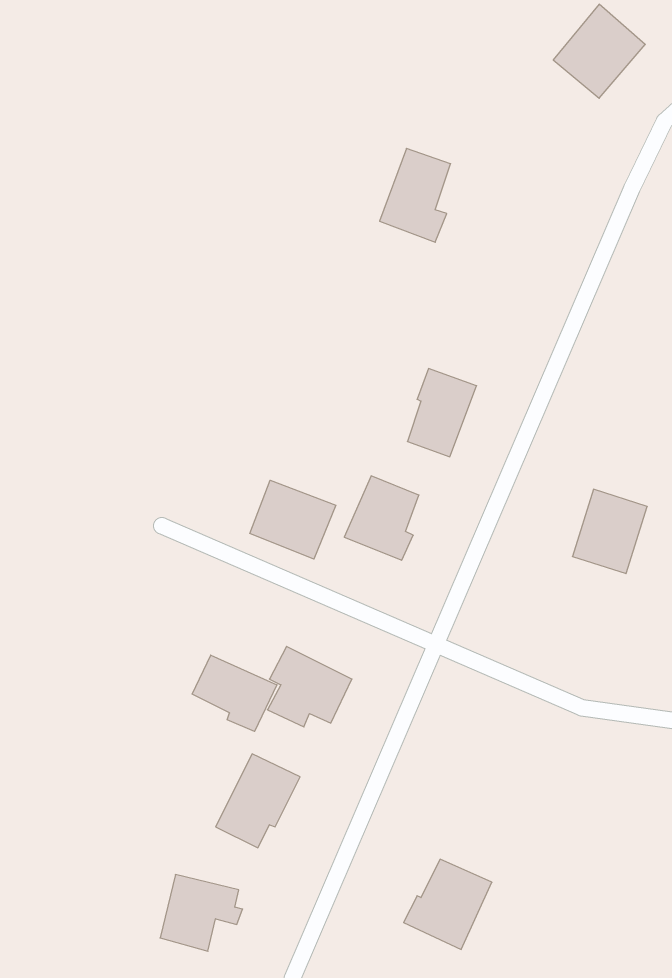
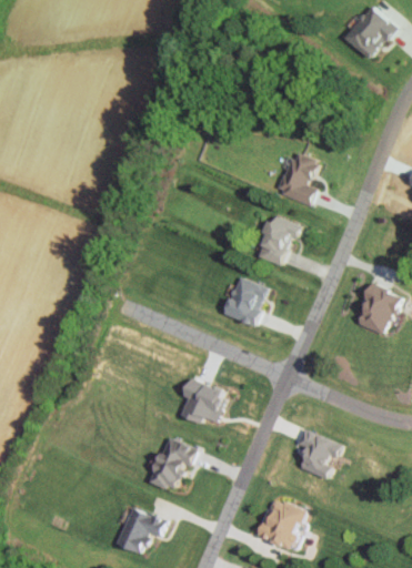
building: [380,148,451,242] -> [275,150,316,204]
building: [250,480,336,559] -> none
building: [192,655,277,731] -> none
building: none -> [294,430,341,478]

